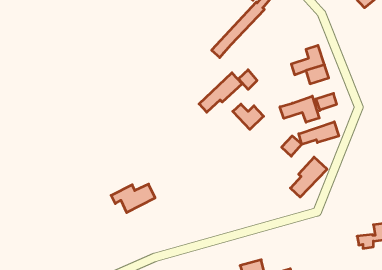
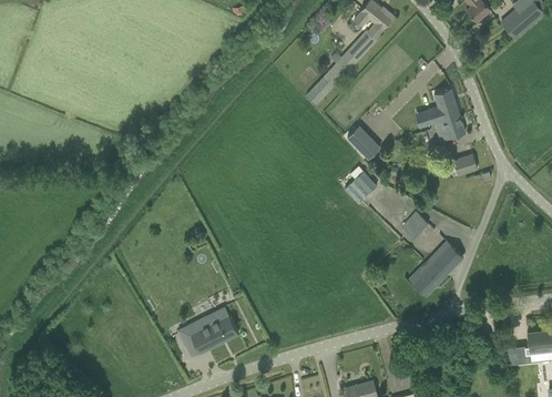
building: [199,73,242,112] -> none
building: [280,96,319,122] -> none
building: [299,122,339,144] -> none
building: [111,184,155,213] -> [178,315,238,354]

